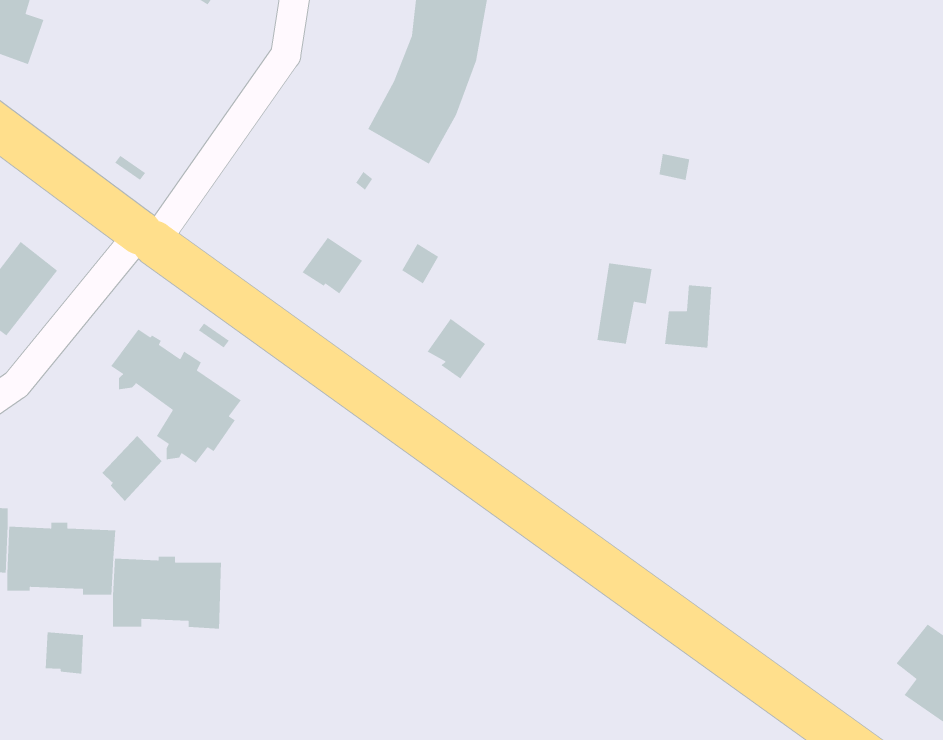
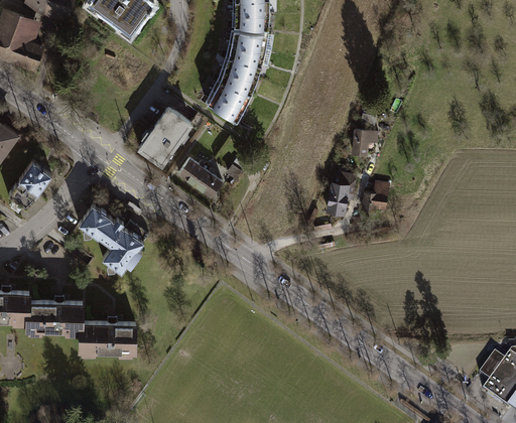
building: none -> [137,106,194,167]
building: none -> [348,130,374,157]
building: [427,318,486,380] -> [196,168,226,199]
building: [101,435,163,502] -> none
building: [45,631,84,674] -> none

